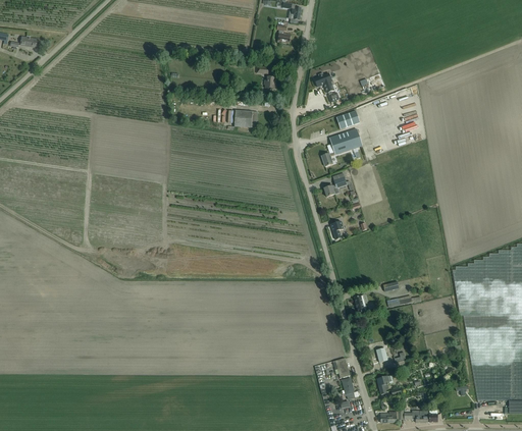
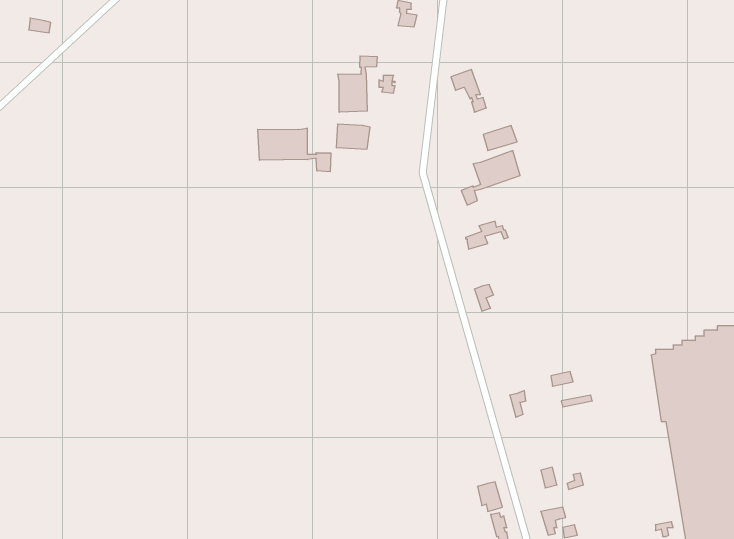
building: none -> [338,56,377,112]
building: none -> [258,128,331,172]

